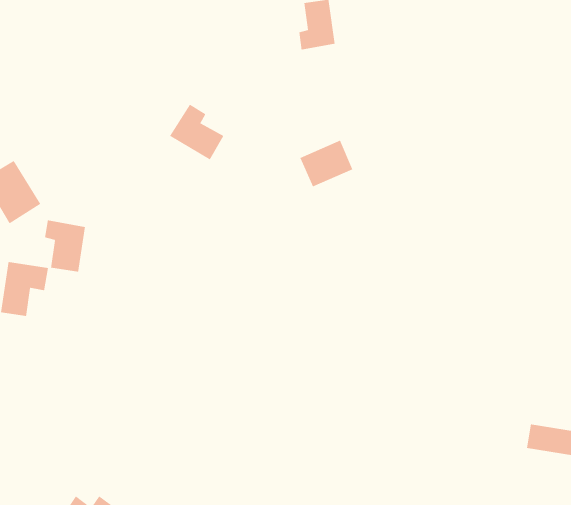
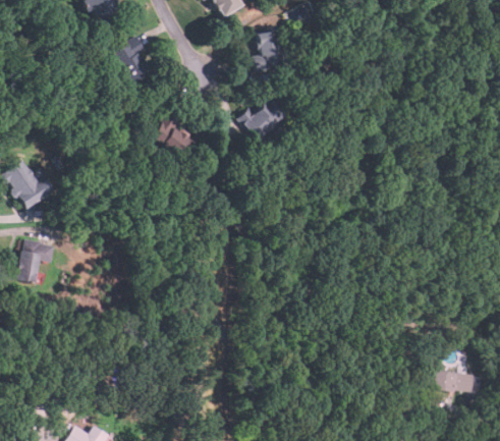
building: none -> [112,37,151,84]
building: [300,140,353,187] -> [243,101,286,139]
building: [45,219,85,272] -> none

